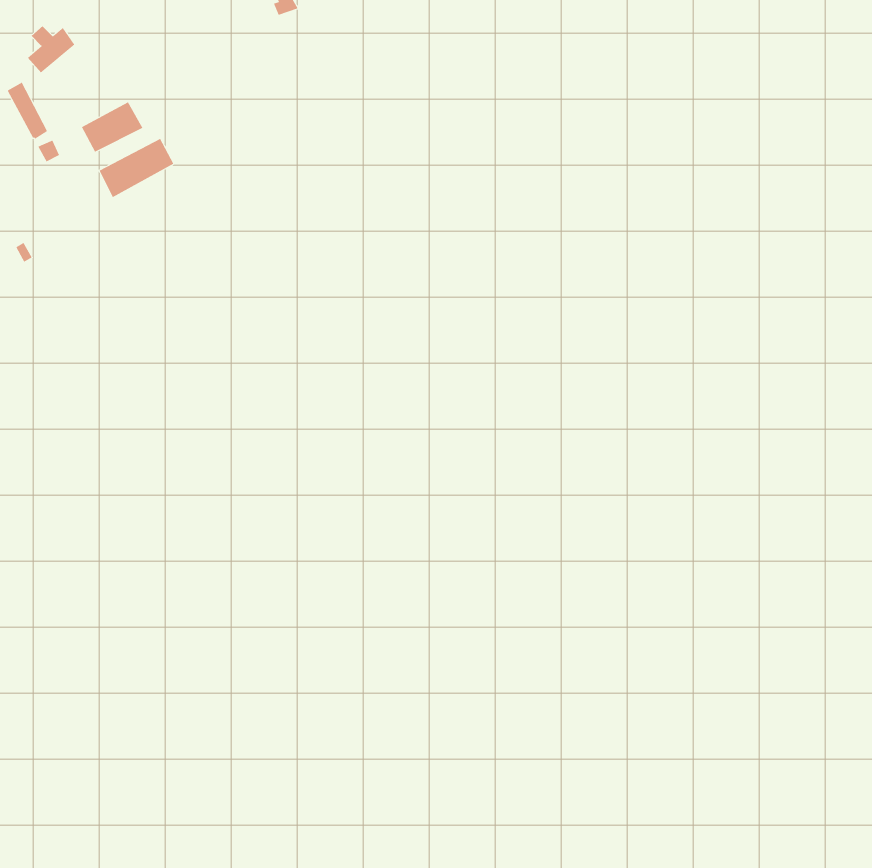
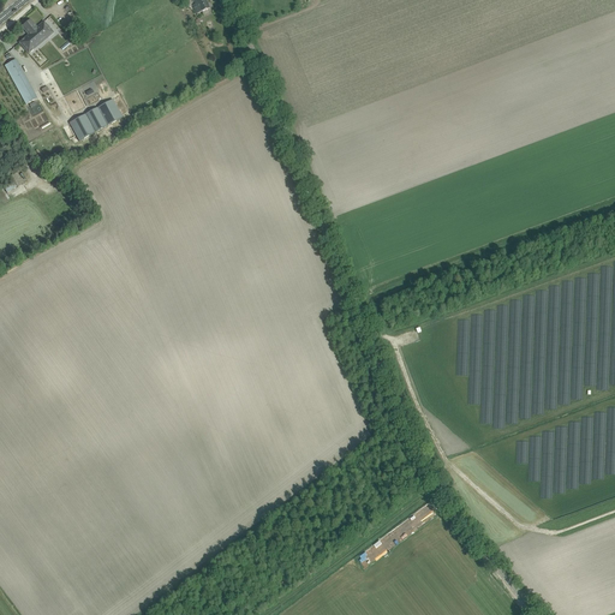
building: [81,102,143,152] -> none

